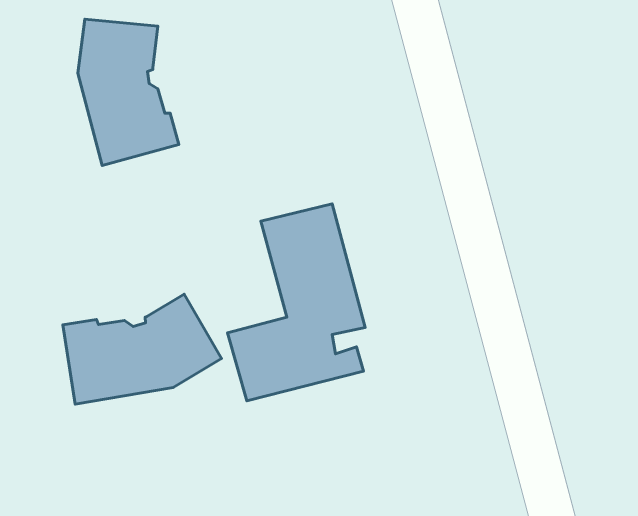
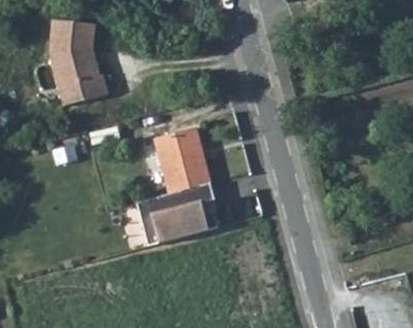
building: [63,294,221,404] -> none

